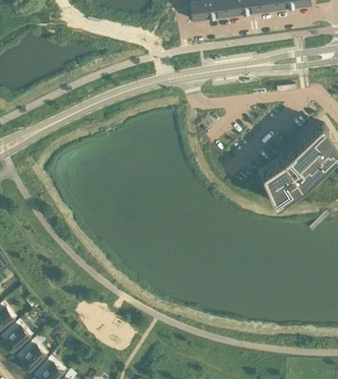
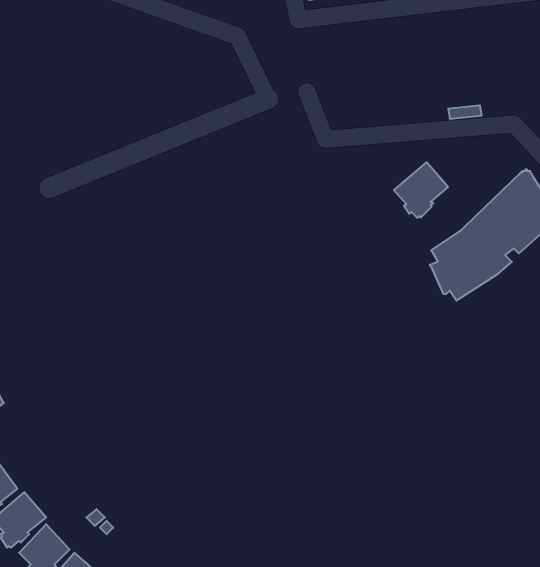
building: none -> [394,162,448,218]

